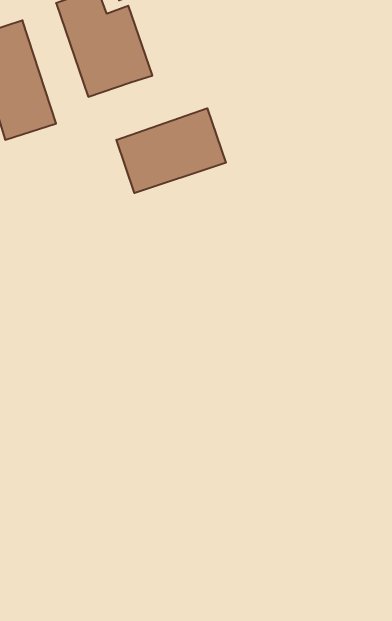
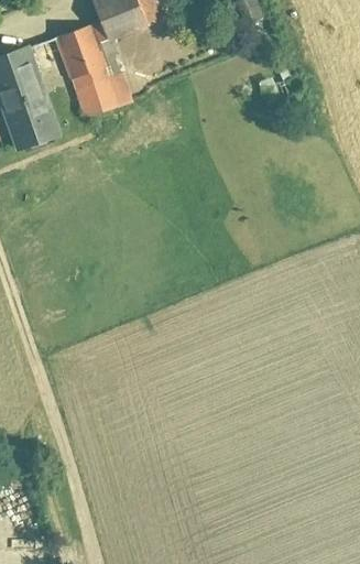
building: [116,108,226,193] -> none

